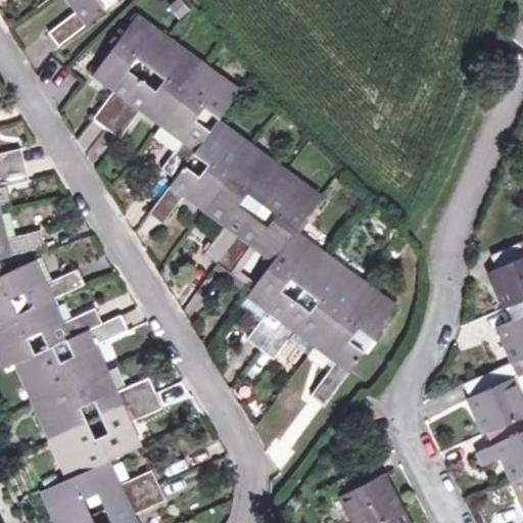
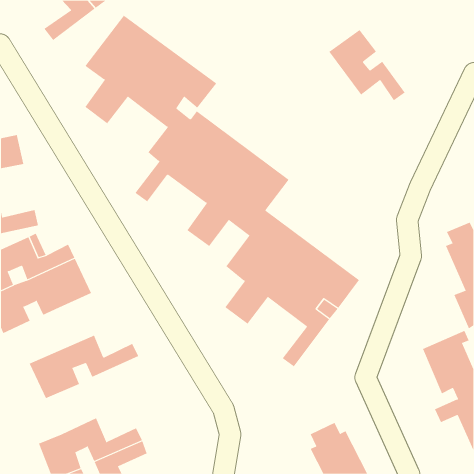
building: none -> [328,29,405,101]
building: [14,315,126,400] -> none
building: [50,392,159,478] -> none

